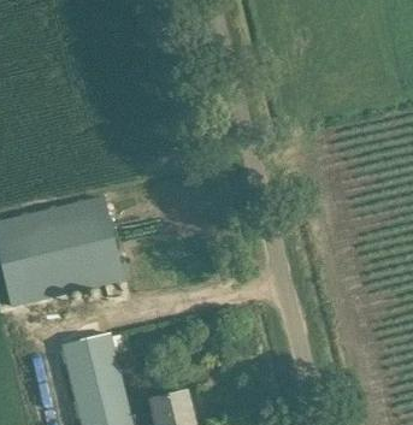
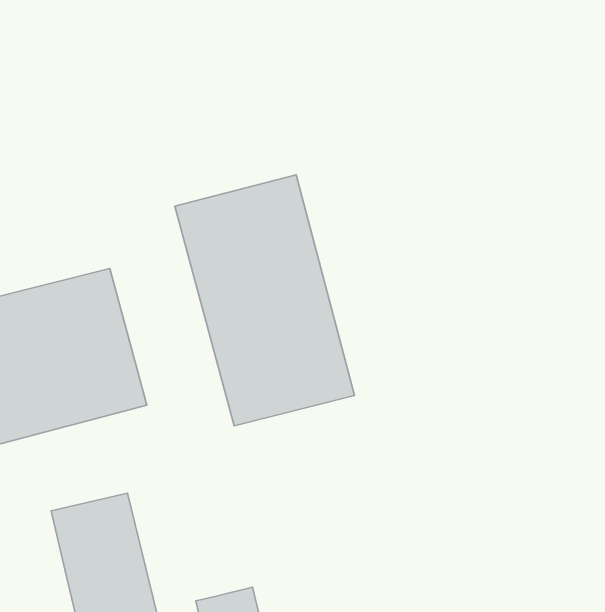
building: none -> [175,175,354,426]

